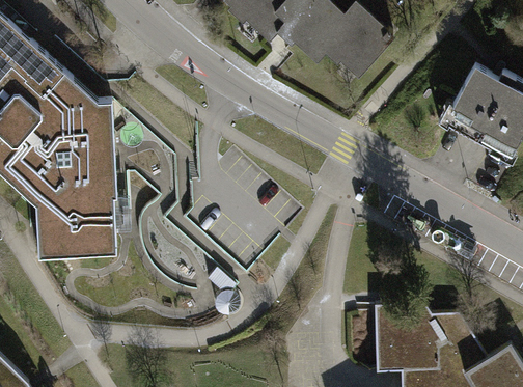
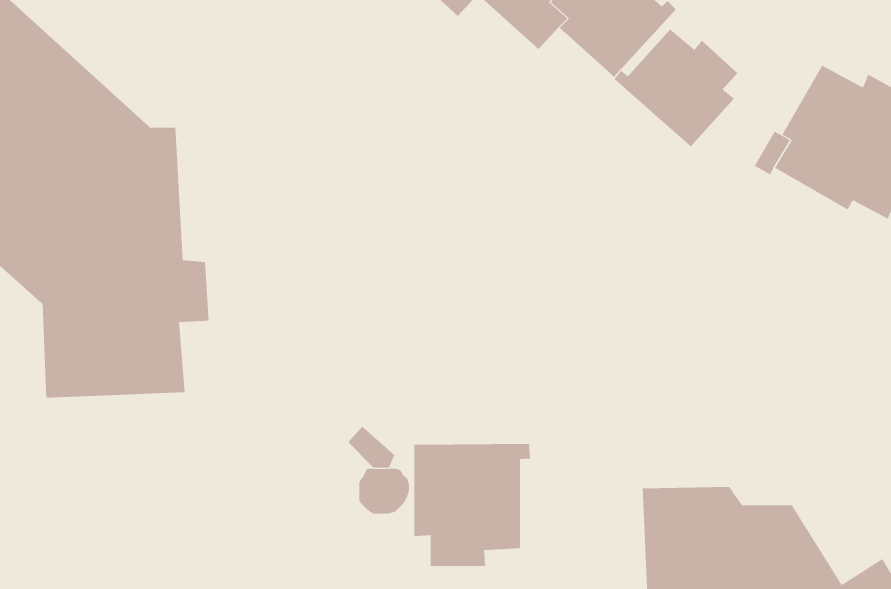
building: none -> [614,29,738,147]
building: none -> [414,443,530,567]

